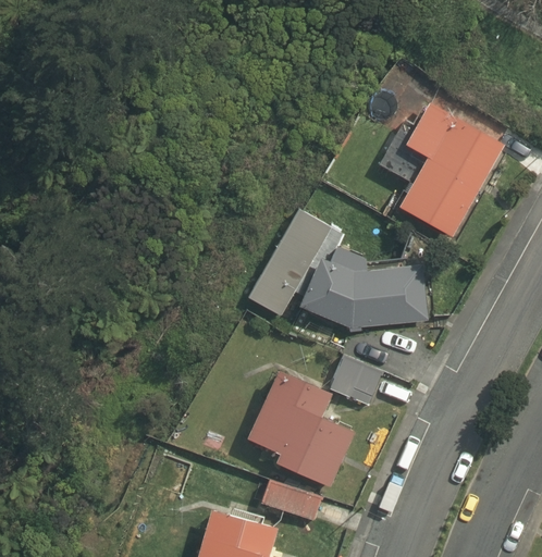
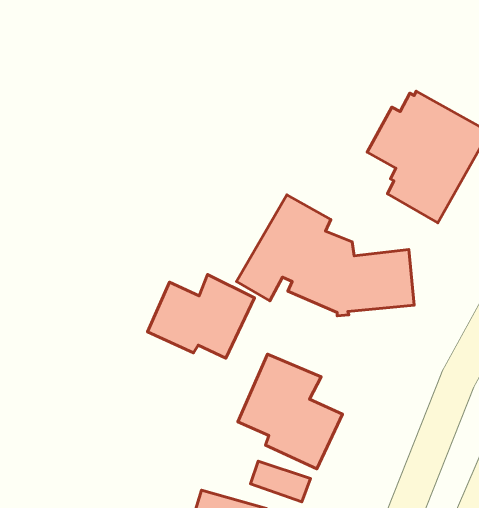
building: none -> [147,275,254,358]
building: [329,354,383,405] -> none

